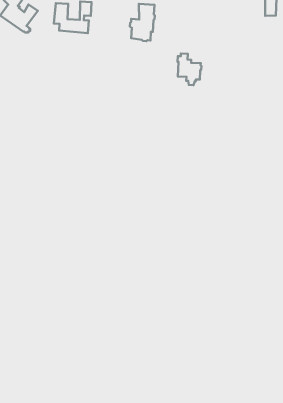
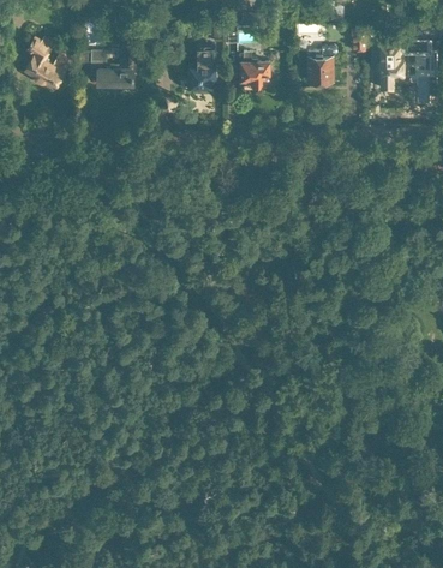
building: none -> [309,47,337,83]
building: [178,53,201,85] -> [240,53,270,91]

